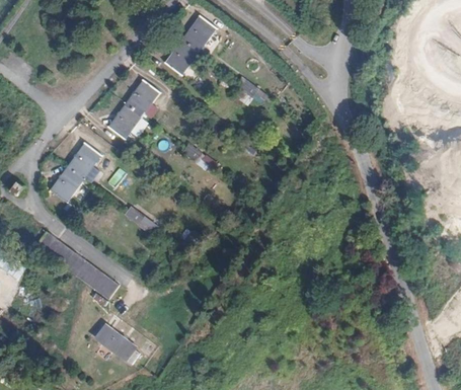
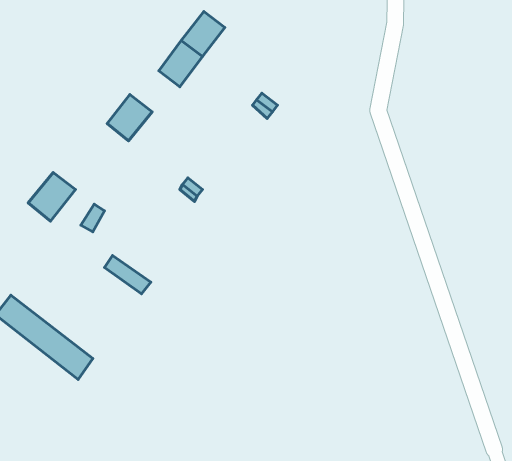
building: [107,103,142,140] -> none
building: [48,164,82,201] -> none
building: [94,320,137,358] -> none

